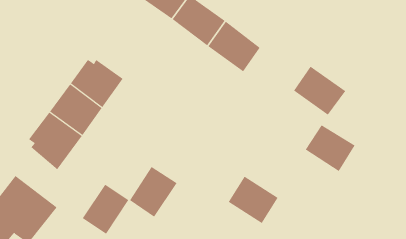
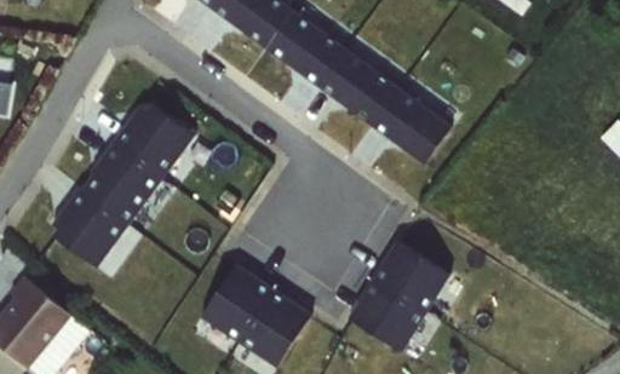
building: [293,66,346,116] -> [371,87,449,161]
building: [305,124,355,172] -> [372,240,447,310]
building: [82,184,129,235] -> [239,288,309,363]

